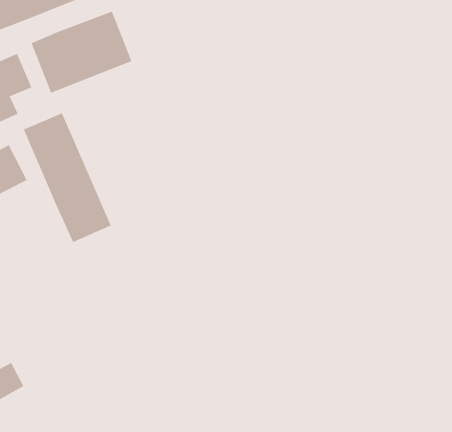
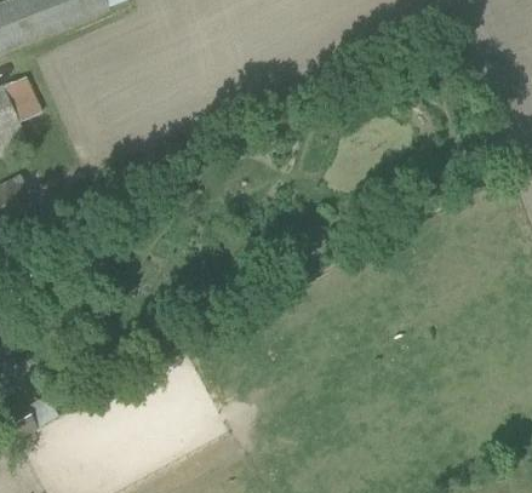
building: [31,11,132,94] -> none
building: [23,112,112,243] -> none

